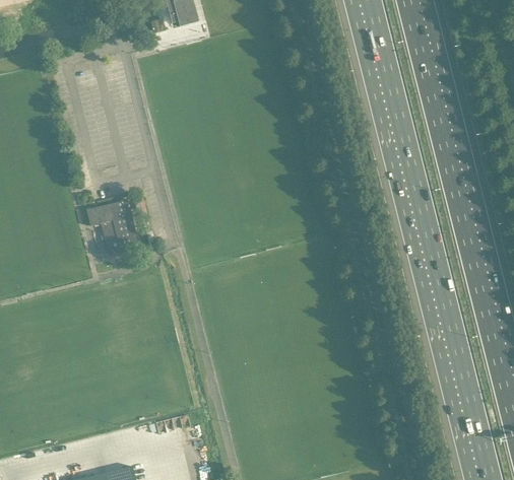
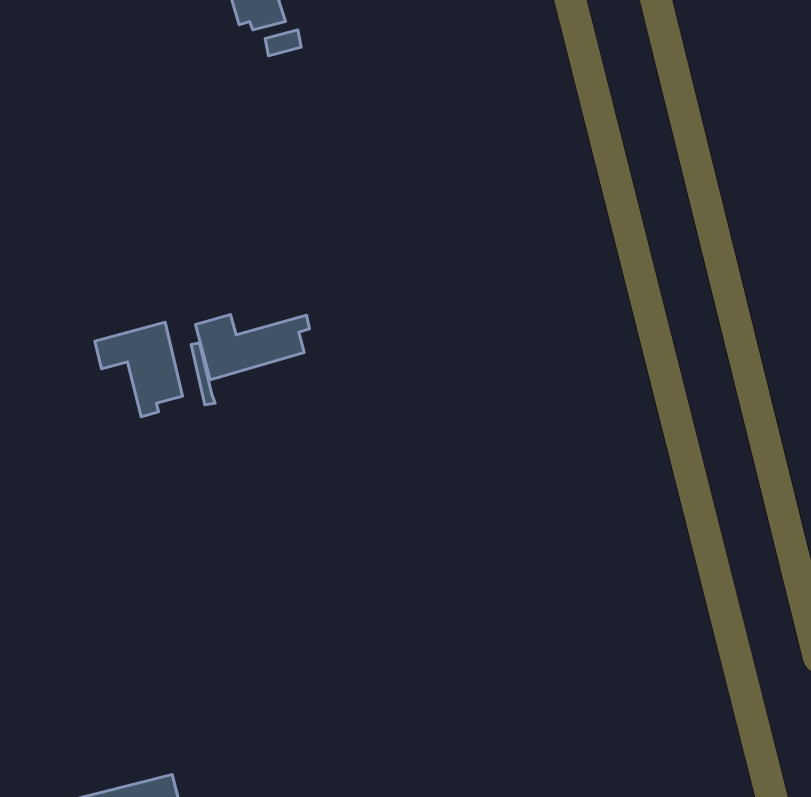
building: none -> [195,315,310,380]

